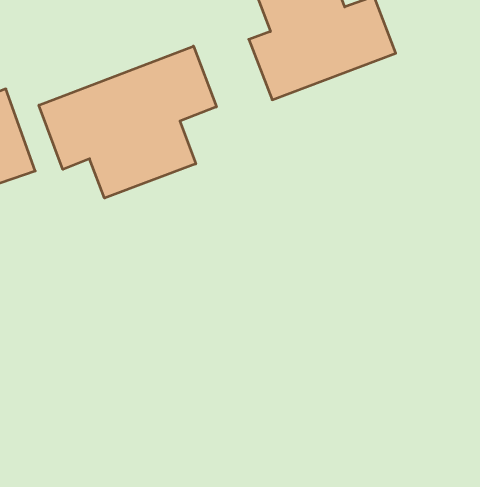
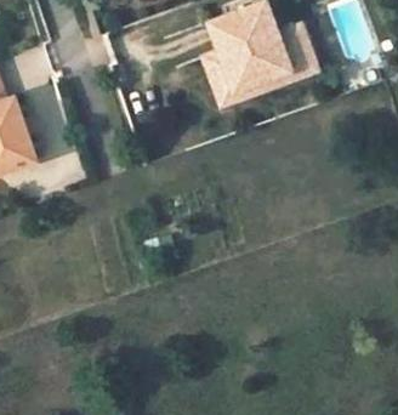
building: [39,46,216,198] -> none

